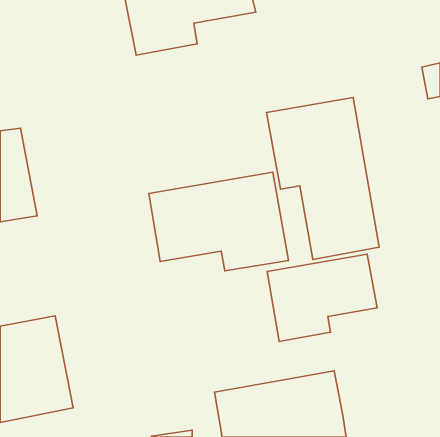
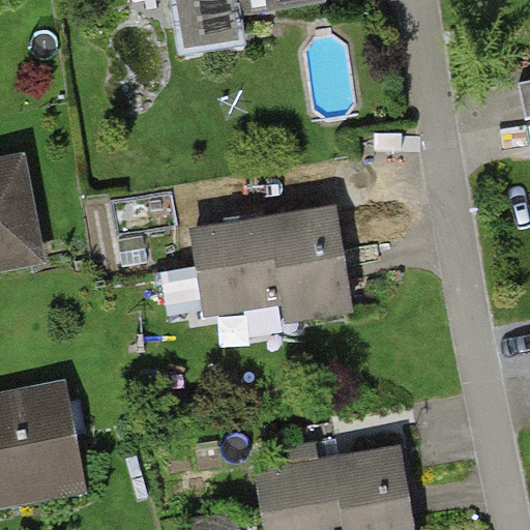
building: [266,98,379,259] -> none
building: [267,254,377,342] -> none

